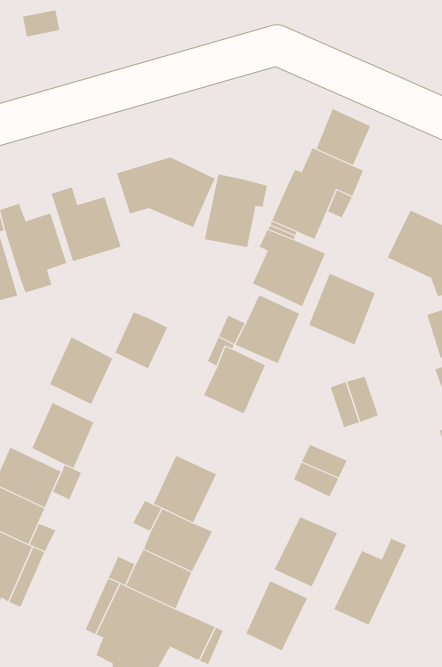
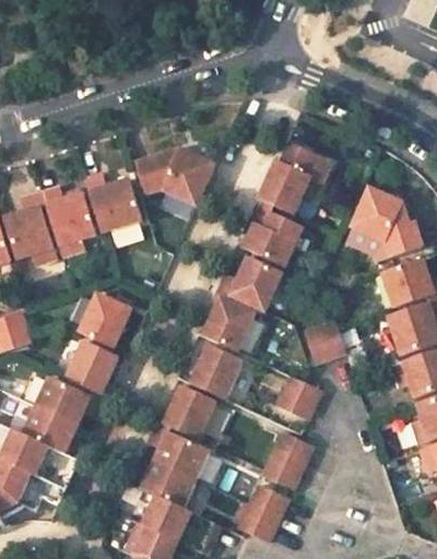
building: [316,108,371,166] -> none
building: [204,174,267,248] -> none
building: [309,273,375,345] -> none
building: [115,312,168,369] -> none
building: none -> [189,344,241,400]
building: [333,538,407,626] -> none

